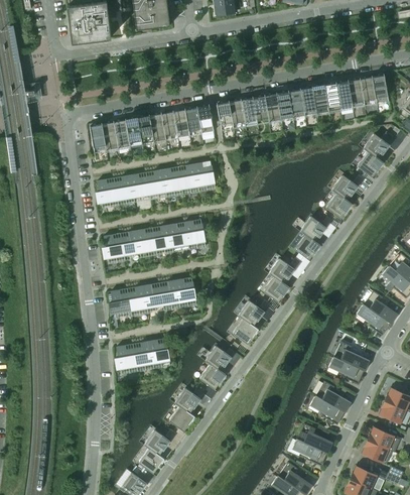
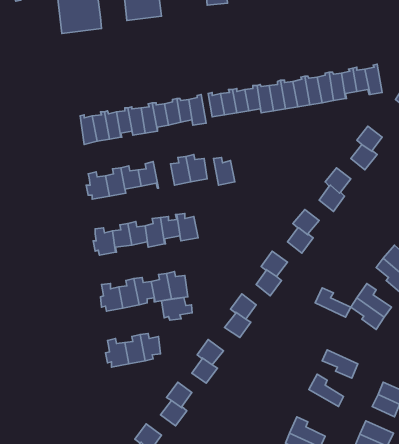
building: [161,168,182,196] -> [213,158,235,185]
building: none -> [161,298,192,320]
building: [333,341,369,370] -> [315,288,351,317]
building: [309,395,345,424] -> none

